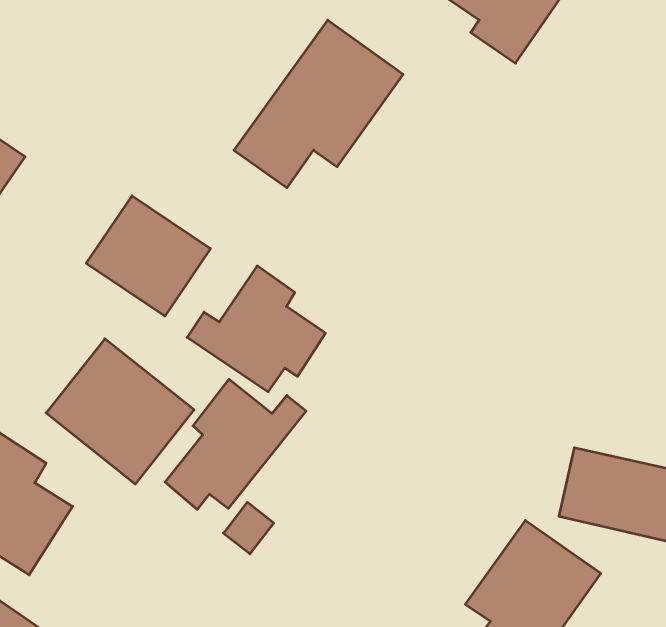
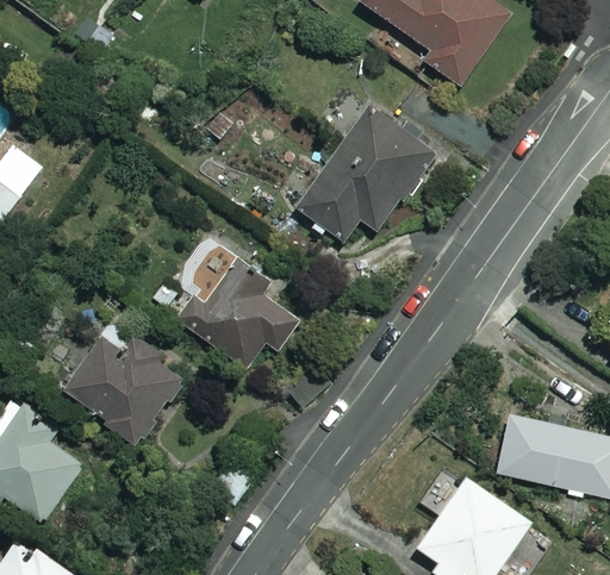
building: [234,20,403,188] -> [288,105,432,248]
building: [86,196,210,316] -> none
building: [165,379,306,509] -> none

